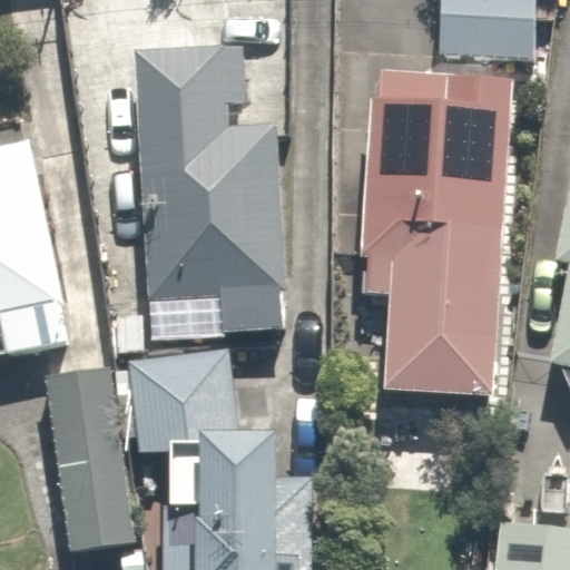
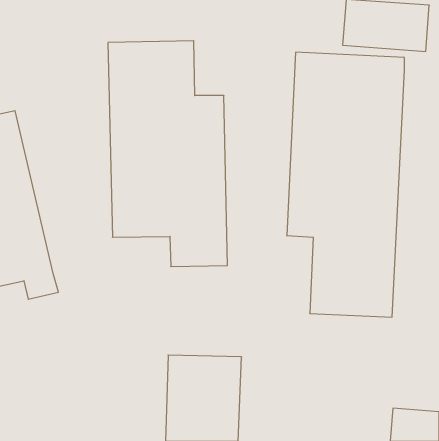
building: [124,347,245,446] -> none
building: [33,371,137,550] -> none

